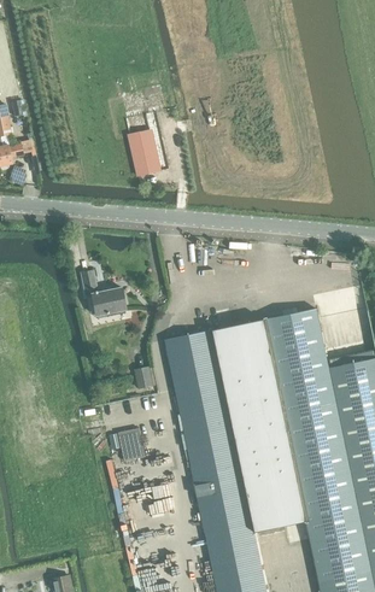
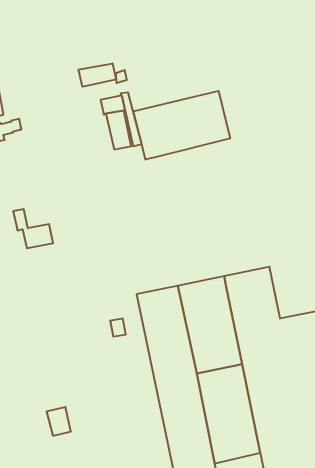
building: none -> [78,63,116,87]
building: none -> [134,91,230,160]
building: [81,271,127,316] -> [13,209,53,248]
building: [117,428,145,461] -> [47,407,71,436]

